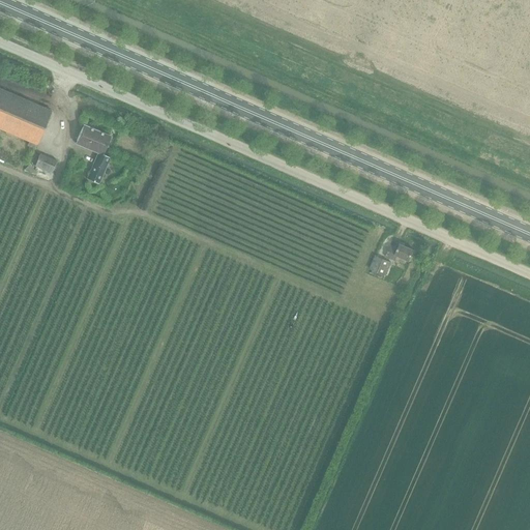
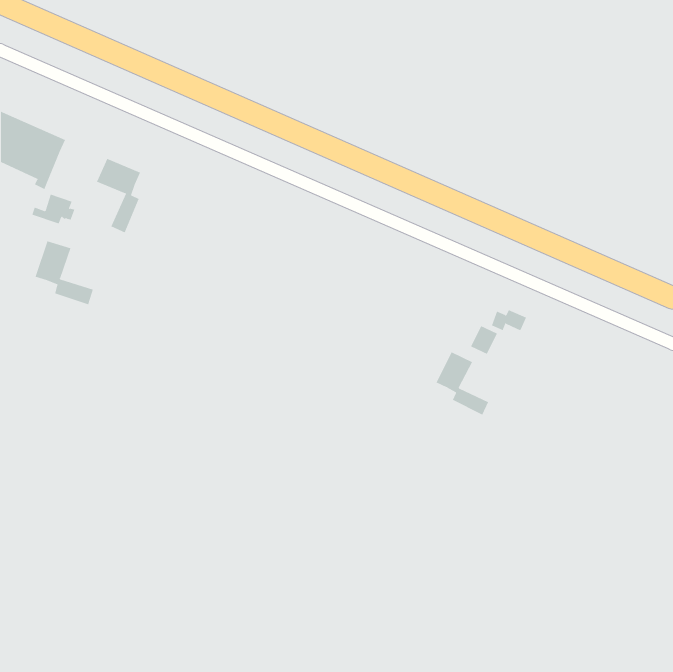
building: none -> [35,240,93,305]
building: none -> [436,352,489,415]

